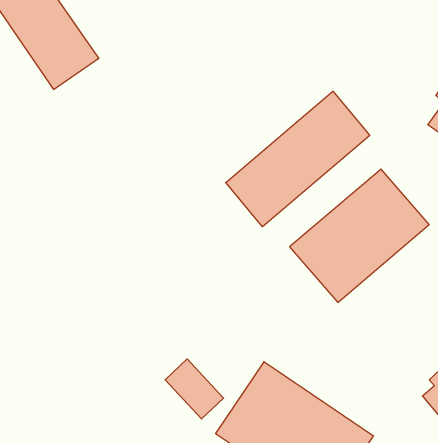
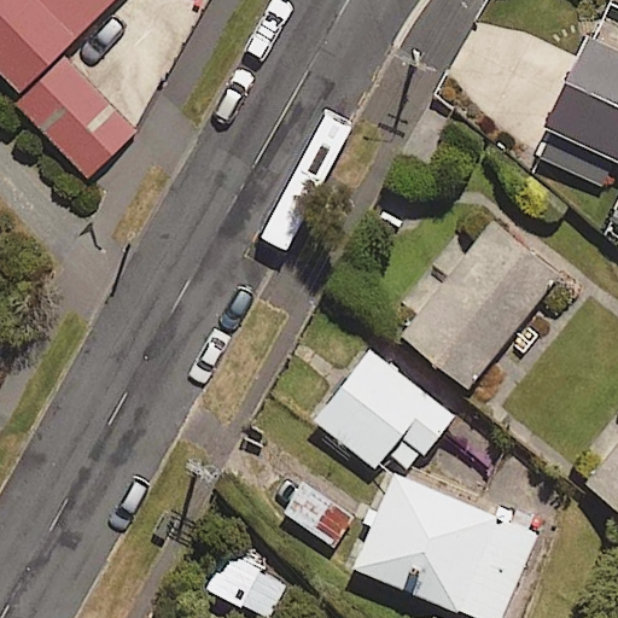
building: [226,91,370,227] -> none
building: none -> [314,349,454,473]

